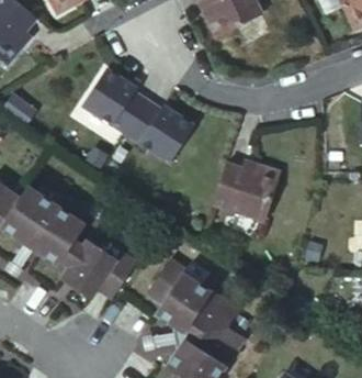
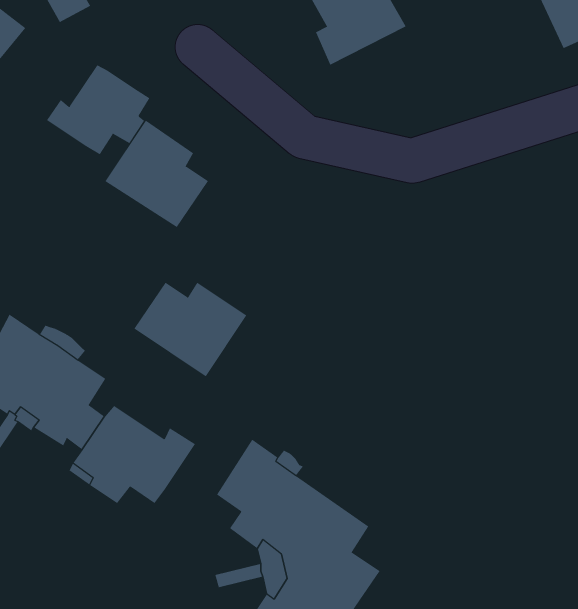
building: none -> [46,64,150,155]
building: [125,108,192,164] -> [134,282,247,377]
building: [213,163,281,220] -> none

